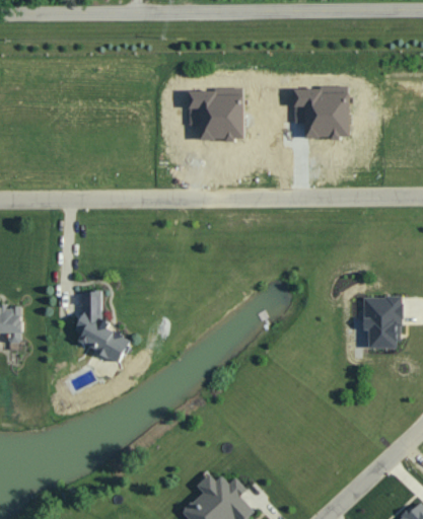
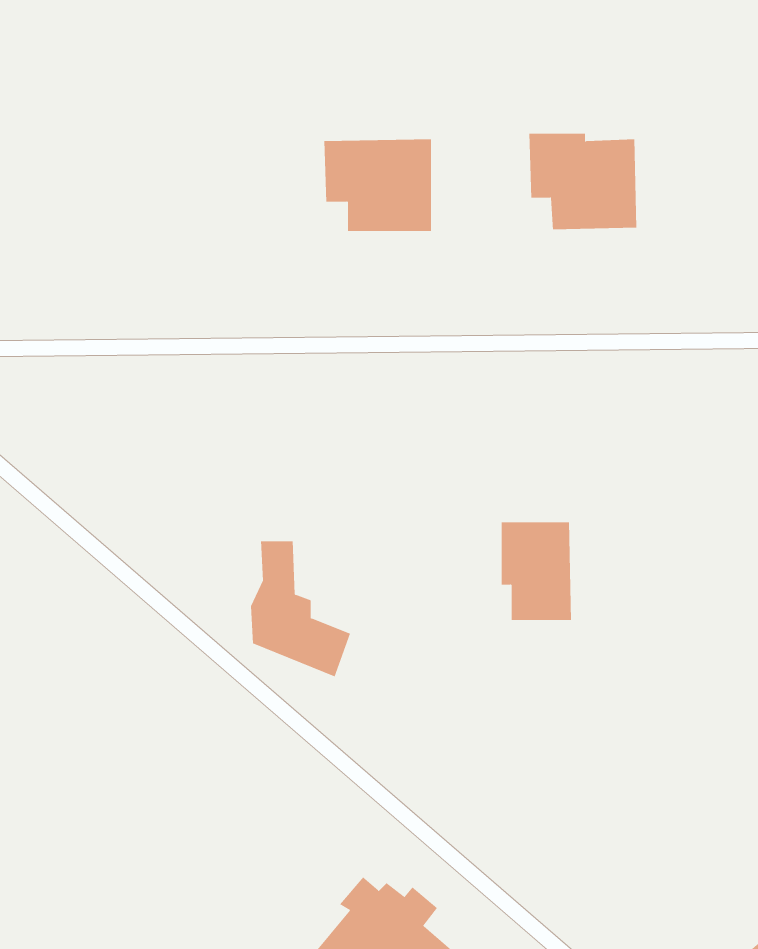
building: [77,289,129,359] -> [250,541,351,677]
building: [363,295,400,346] -> [501,522,572,621]

